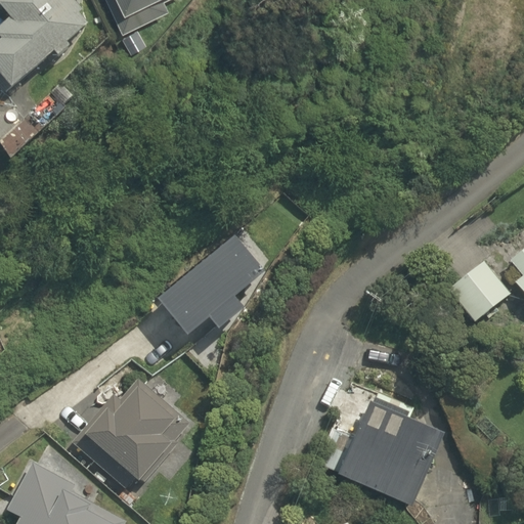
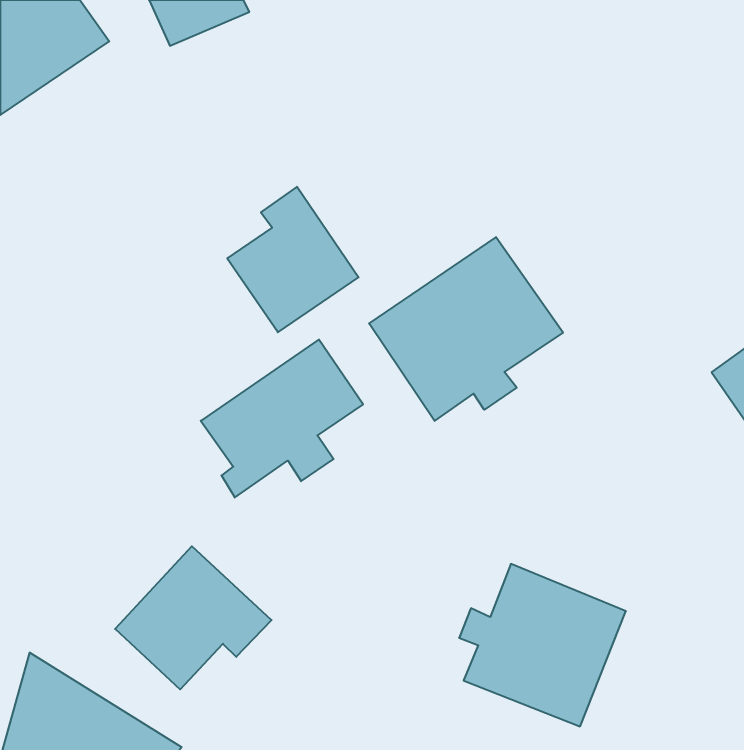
building: none -> [227,187,359,332]
building: none -> [369,237,563,421]
building: [448,256,514,320] -> none

